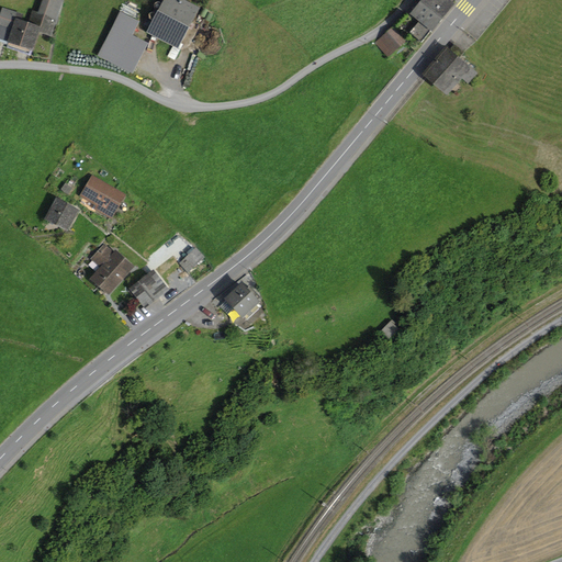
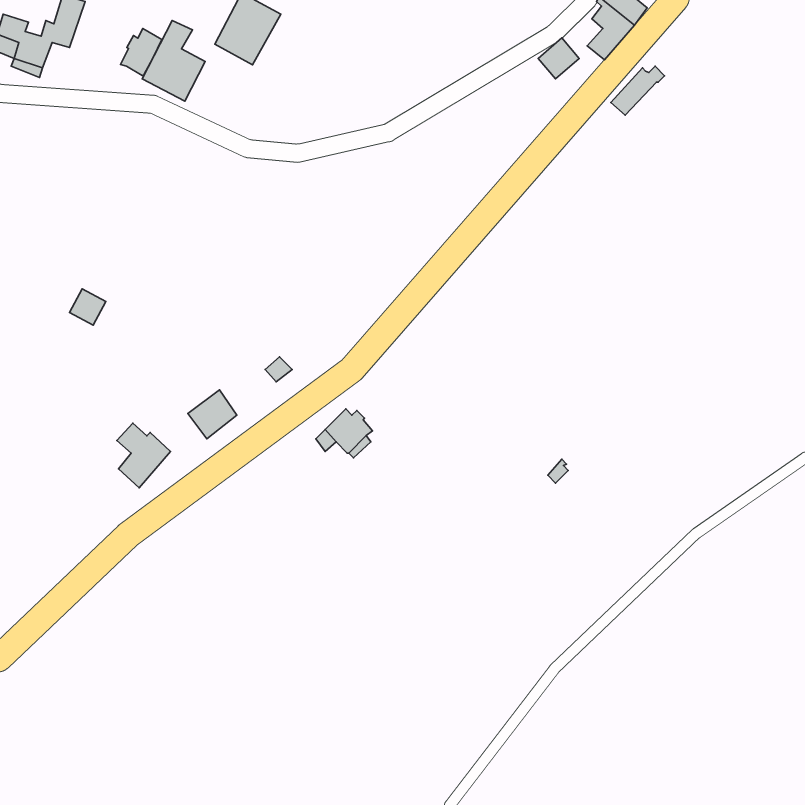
building: none -> [121,28,162,76]
building: [435,57,474,90] -> none
building: [82,179,121,215] -> none
building: [92,246,130,291] -> [117,423,171,488]

